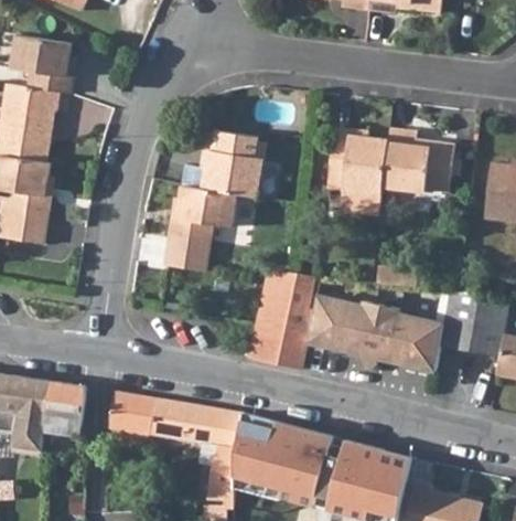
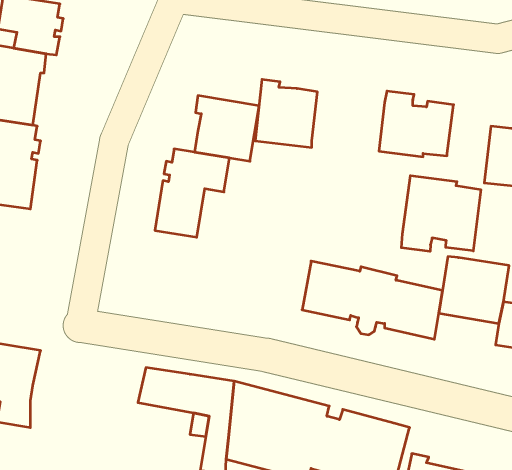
building: [326,128,387,194] -> [255,79,317,147]
building: none -> [401,176,481,251]
building: [247,270,319,370] -> none
building: [42,382,85,435] -> none
building: [107,391,154,451] -> none

